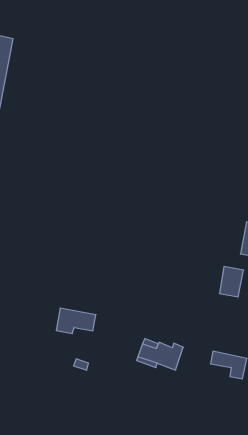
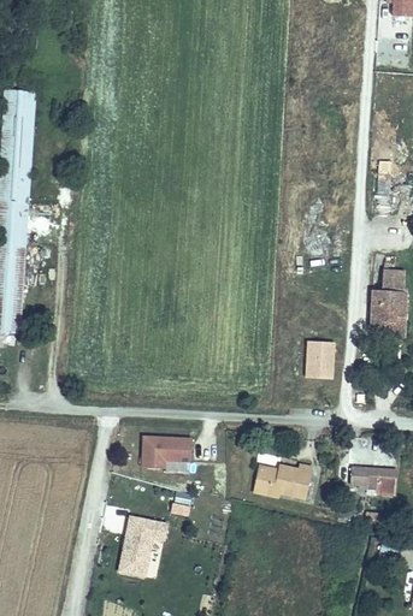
building: [219,267,244,297] -> [306,339,334,377]
building: none -> [118,516,167,576]

